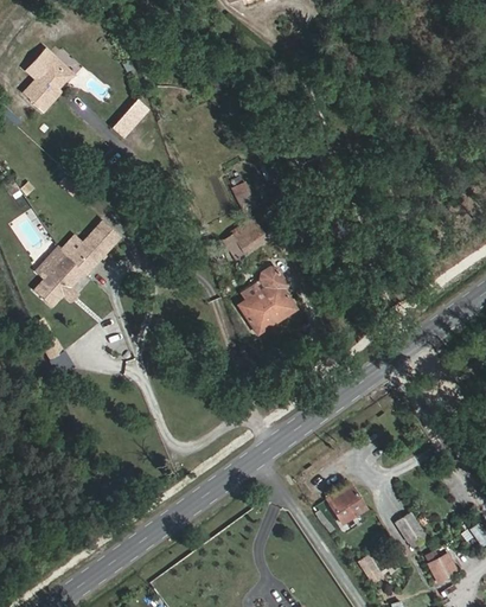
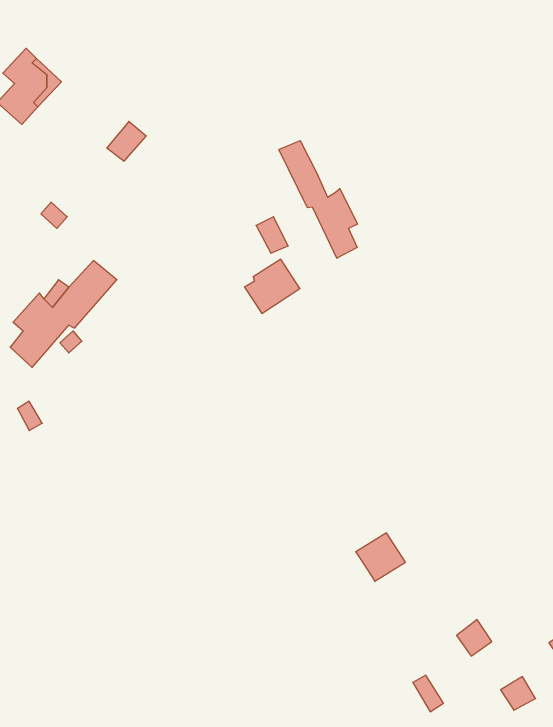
building: none -> [279,141,358,258]
building: [236,266,298,337] -> none
building: [328,486,369,525] -> [356,533,405,581]

